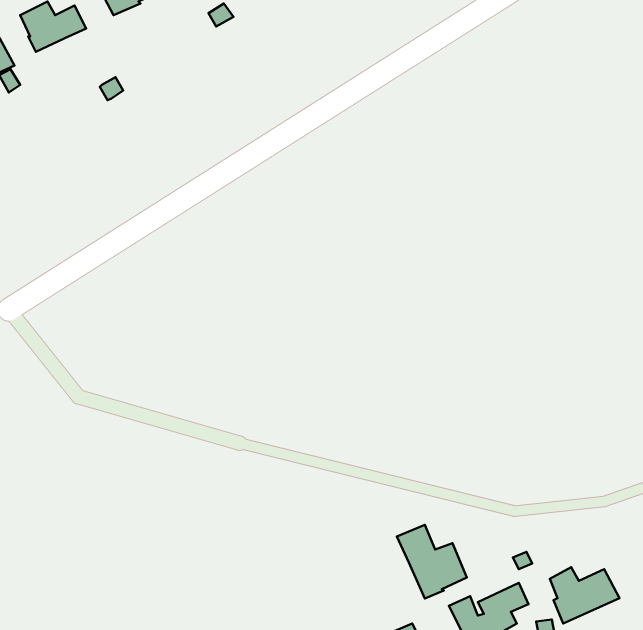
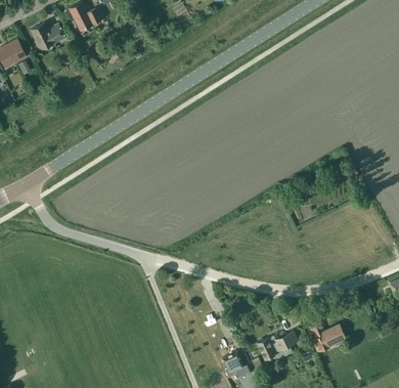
building: [397,525,467,598] -> none

